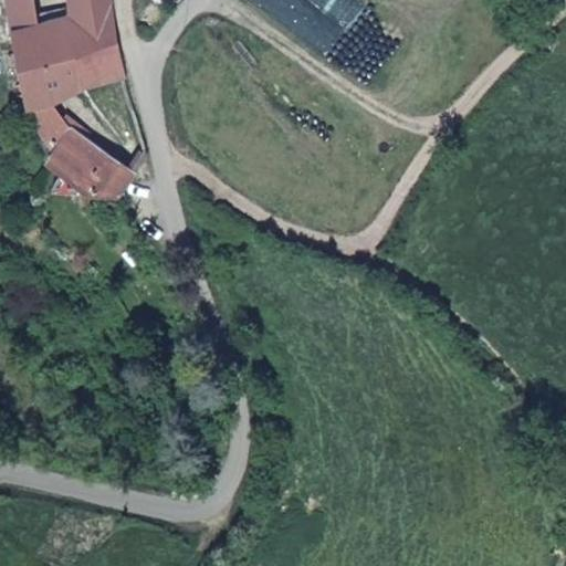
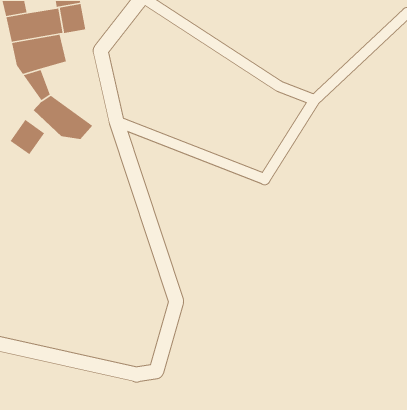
building: [83,42,127,86] -> none
building: none -> [9,119,45,155]

